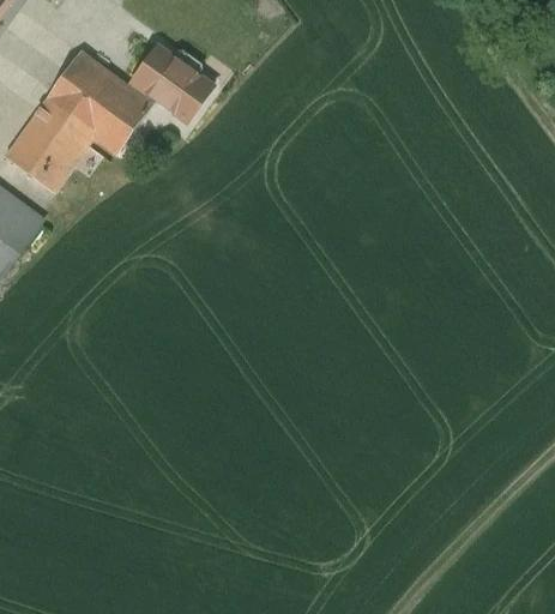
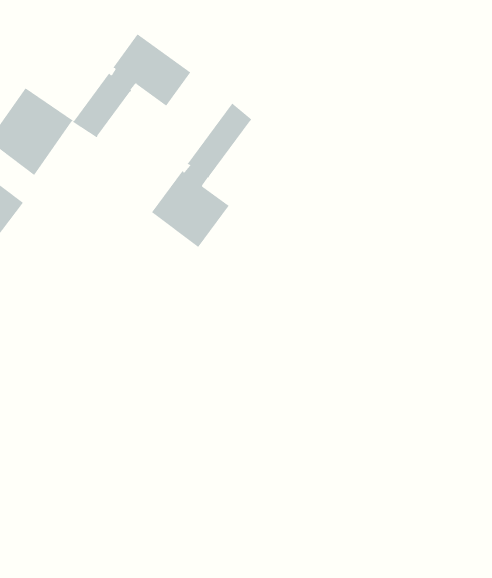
building: [44,50,129,134] -> none
building: none -> [151,102,252,248]

